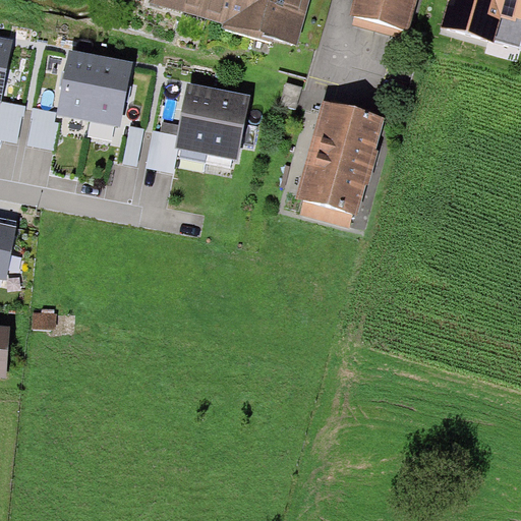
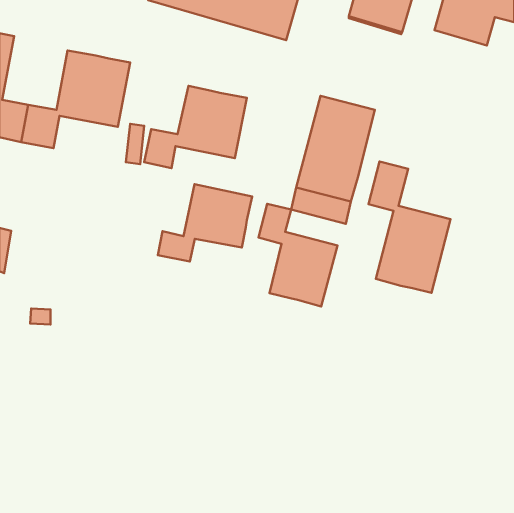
building: none -> [368,161,451,293]
building: none -> [158,184,252,261]
building: none -> [258,204,337,307]

